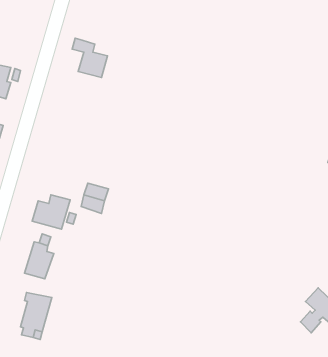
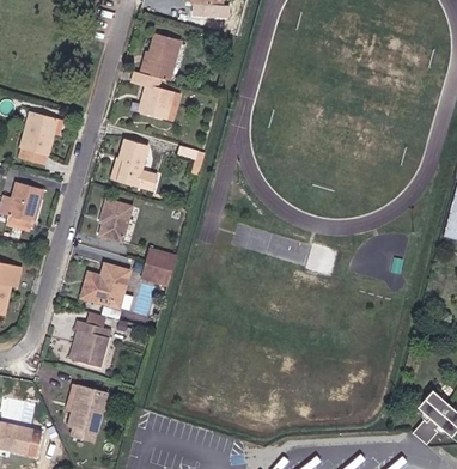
building: none -> [141,39,181,87]
building: none -> [114,147,153,195]
building: none -> [97,203,129,246]

